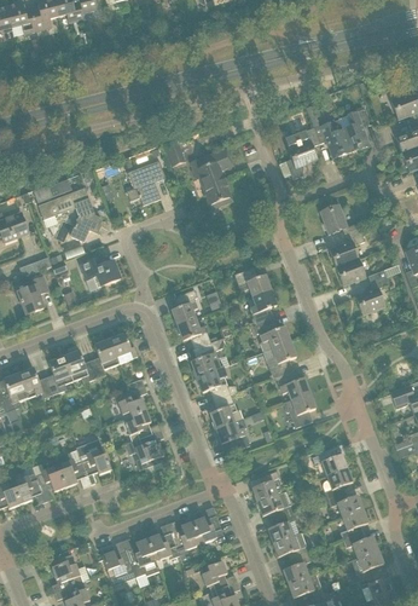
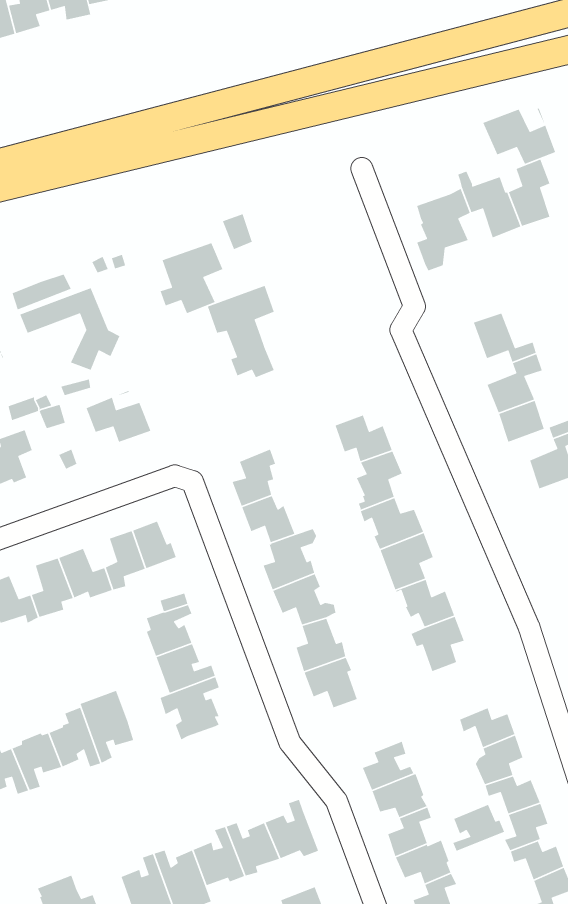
building: none -> [482,108,556,165]
building: [190,146,232,208] -> [207,285,275,384]
building: none -> [452,804,505,852]

